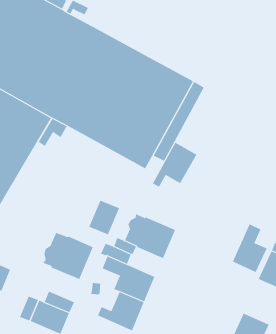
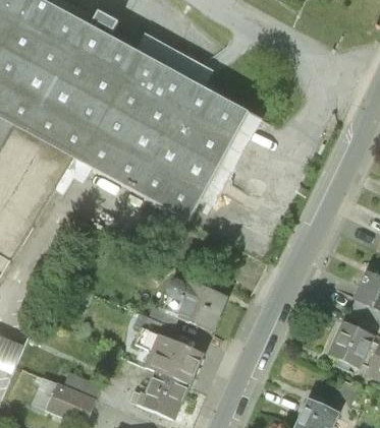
building: none -> [133,35,211,86]
building: [152,142,197,187] -> none
building: [89,200,120,235] -> none
building: [232,223,267,273] -> none
building: [42,232,94,280] -> none

